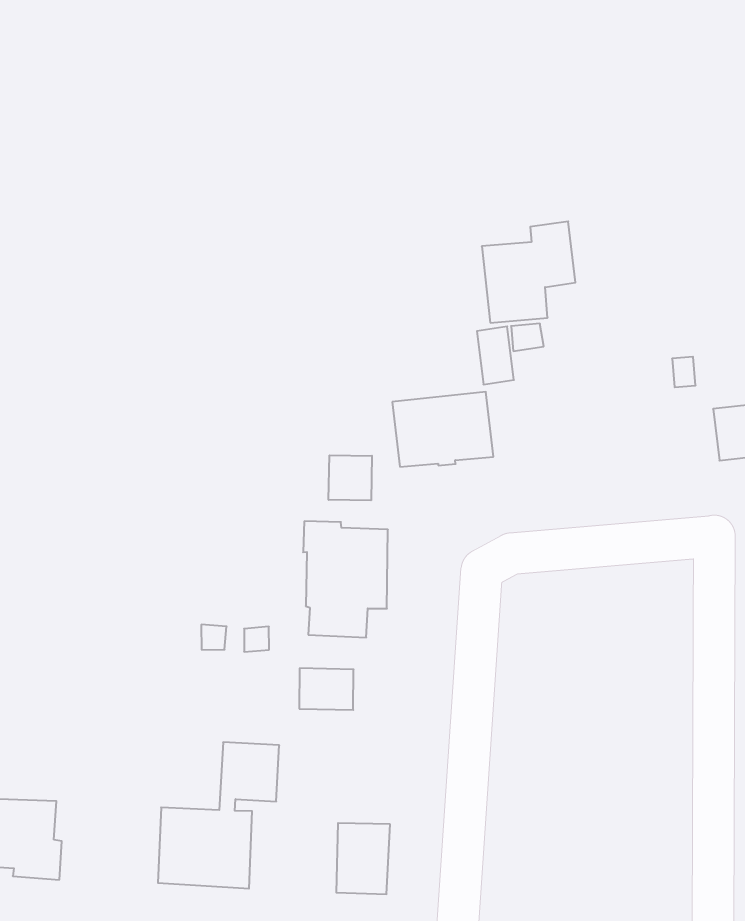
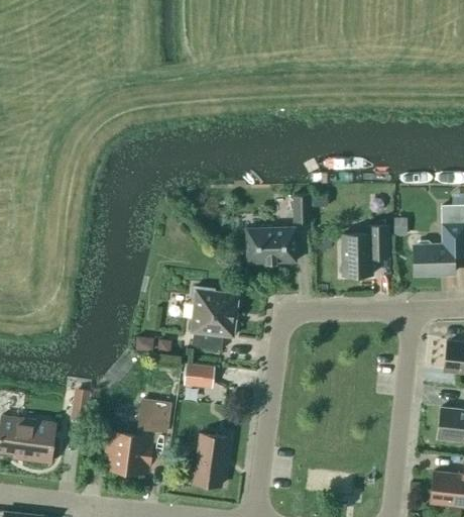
building: [482,221,575,323] -> [342,225,389,275]
building: [329,455,372,500] -> none
building: none -> [70,388,90,421]

